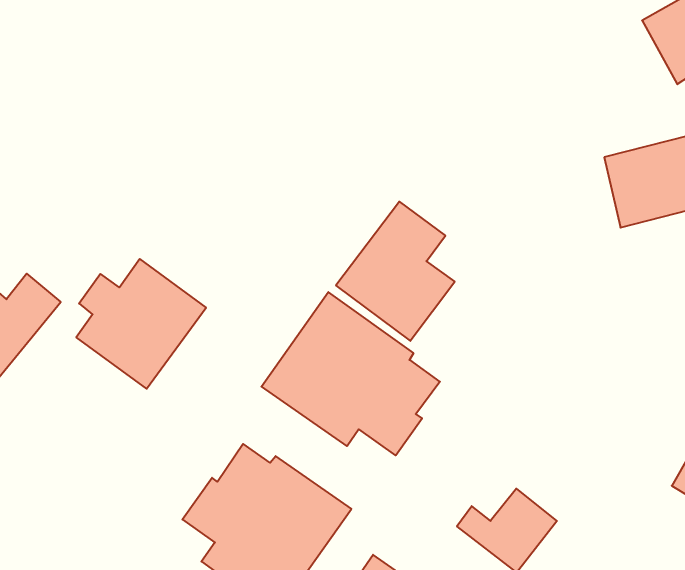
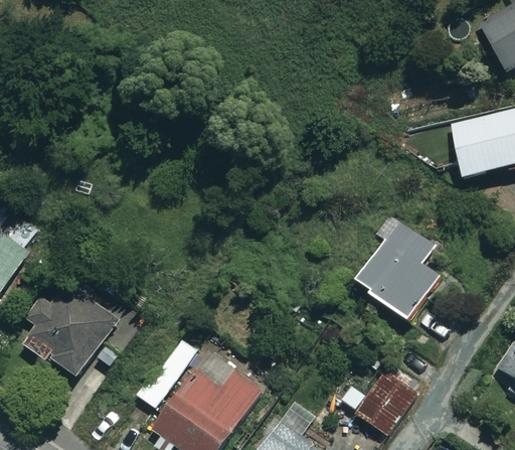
building: [336,202,455,341] -> [354,219,443,323]
building: [76,259,206,389] -> [23,284,120,381]
building: [261,292,440,455] -> none

